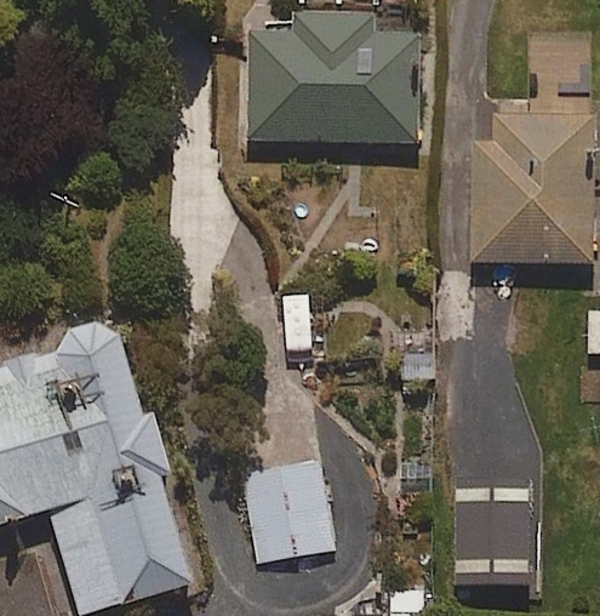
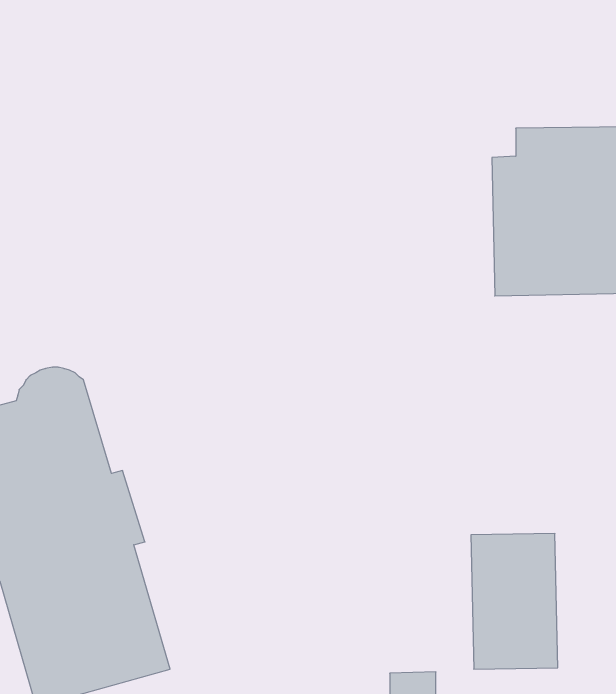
building: [246,16,417,142] -> none
building: [245,458,332,580] -> none

